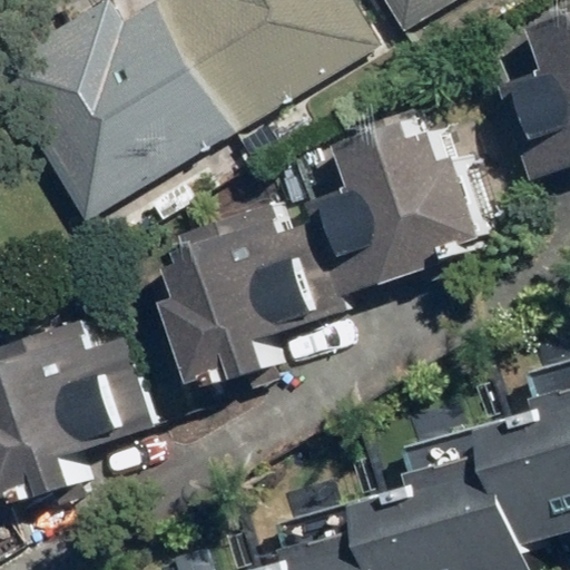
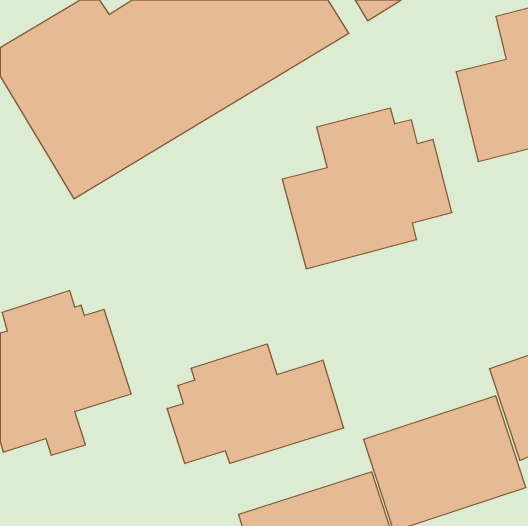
building: [176,202,336,376] -> none
building: none -> [167,344,344,464]

